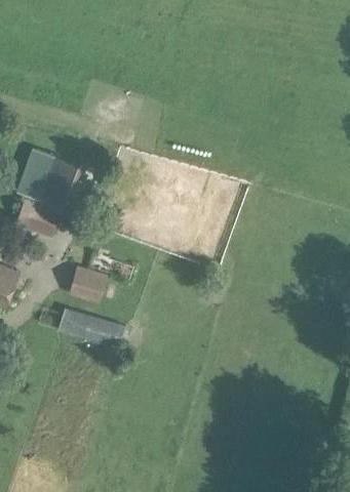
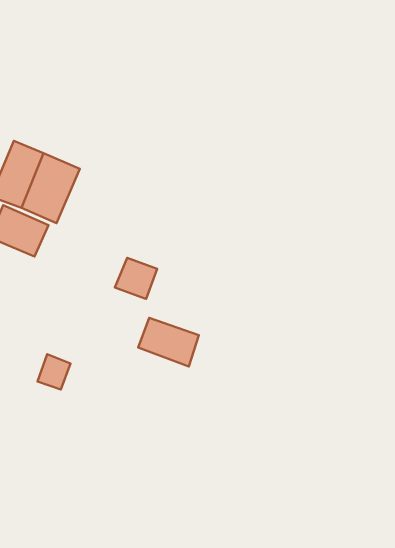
building: [76,271,108,301] -> [115,258,157,299]
building: [78,314,124,350] -> [138,318,199,367]

